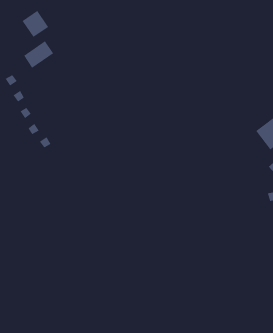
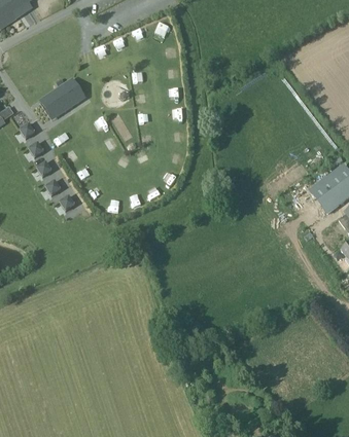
building: [22,10,49,38] -> none

